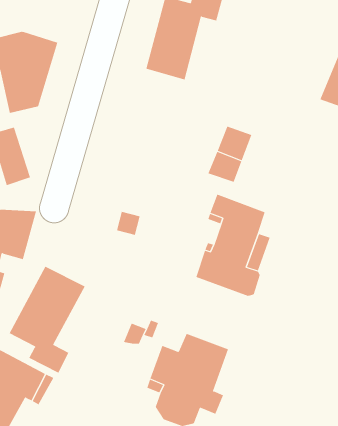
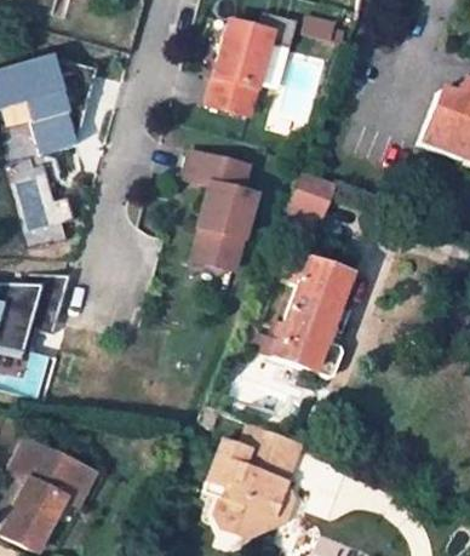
building: none -> [184,153,254,270]
building: [9,266,85,374] -> none

